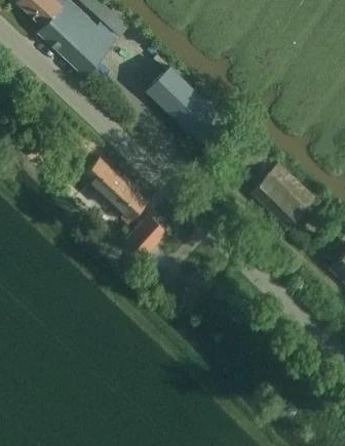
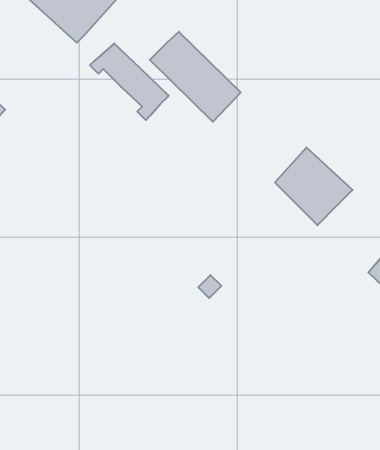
building: [81,159,148,224] -> [90,43,169,120]
building: [126,216,167,258] -> none

